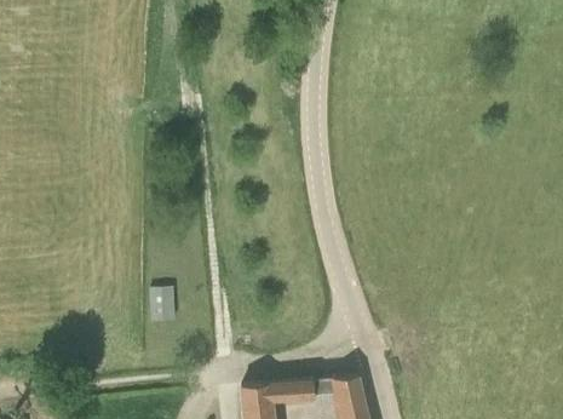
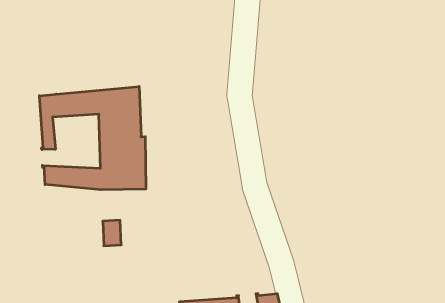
building: none -> [39,86,146,190]

